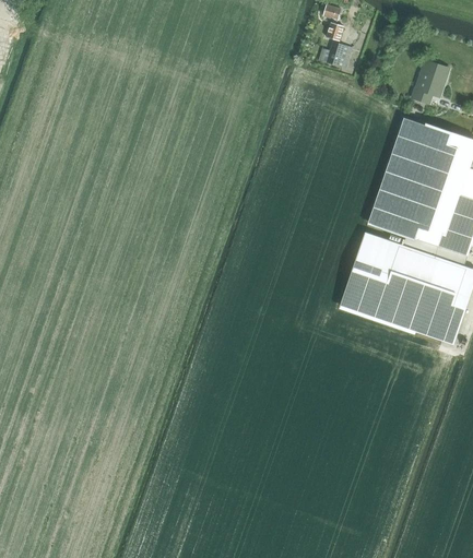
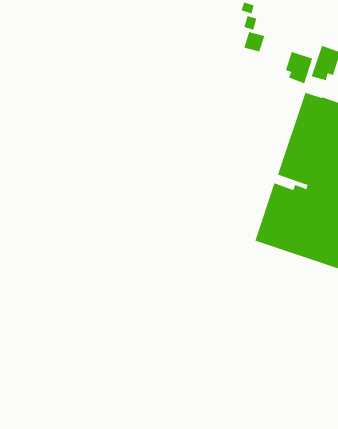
building: none -> [285,51,313,84]

